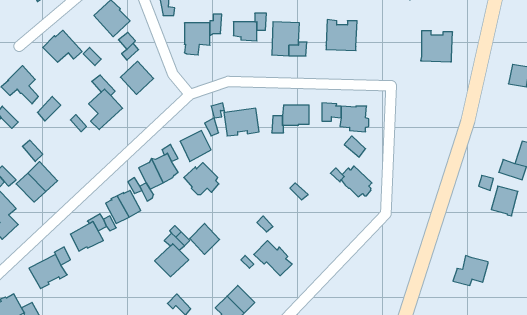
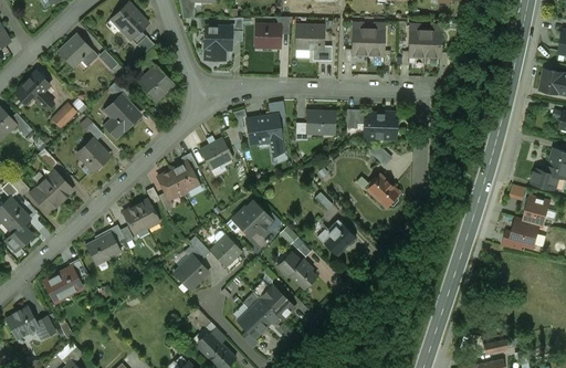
building: [421,31,453,62] -> [408,25,441,57]
building: none -> [77,140,109,171]
building: [184,163,219,195] -> [233,201,270,234]
building: none -> [317,222,355,255]
building: [453,256,488,285] -> [503,218,539,249]
building: none -> [252,281,291,320]

